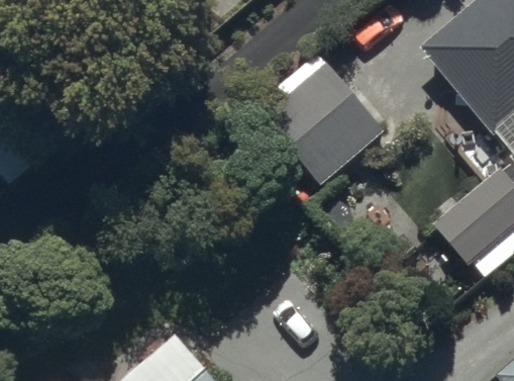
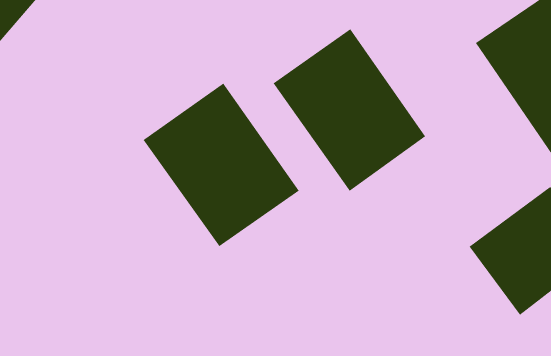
building: none -> [142,83,300,247]

